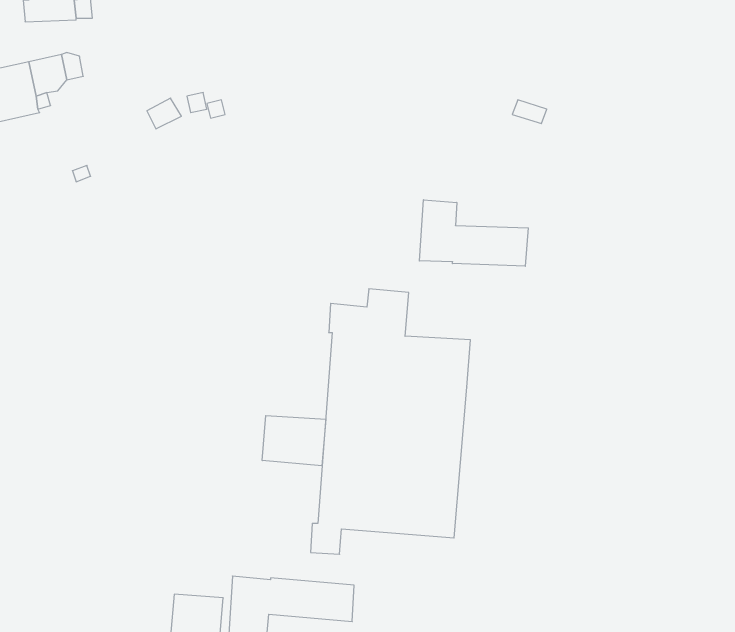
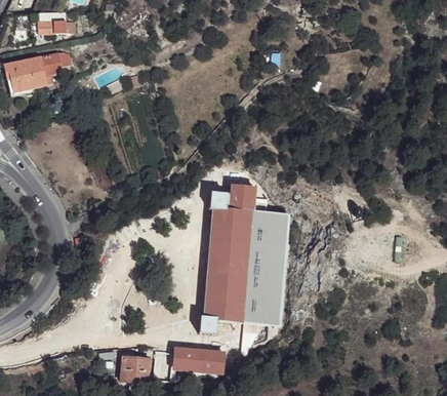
building: [419,200,528,266] -> none
building: [262,416,326,466] -> none

